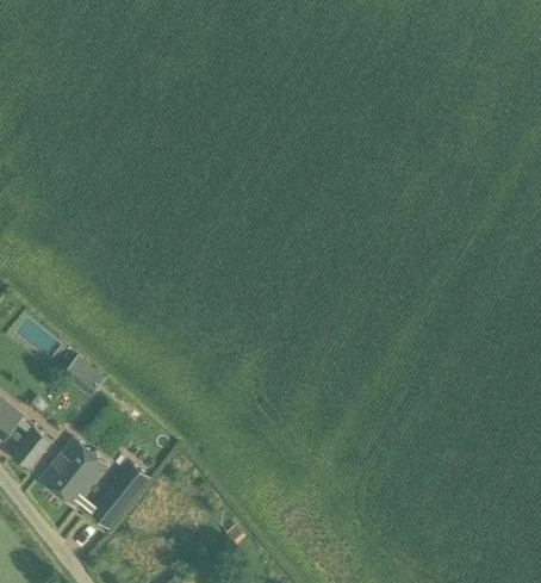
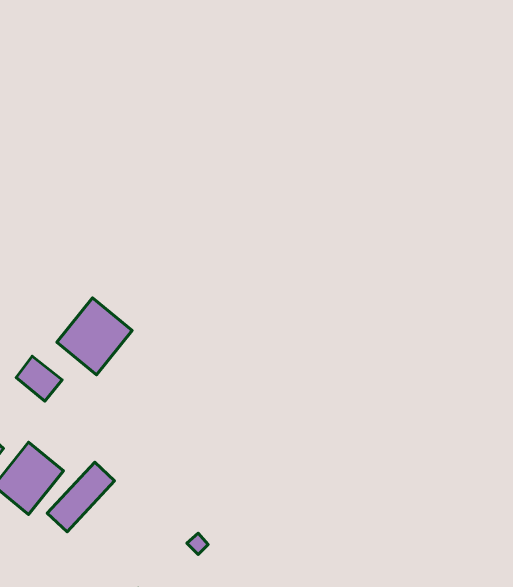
building: none -> [57,298,132,375]

